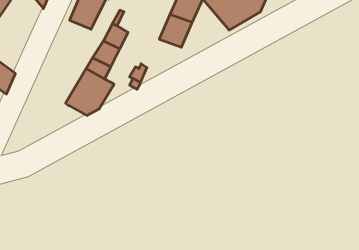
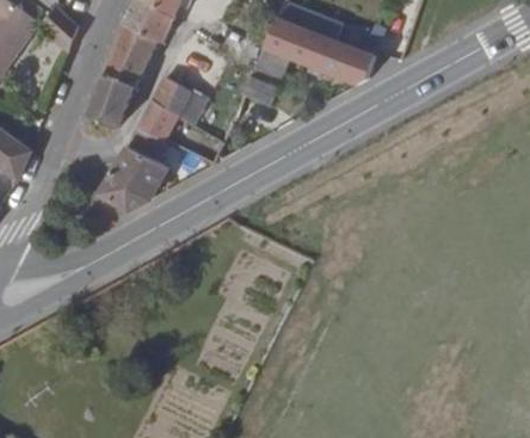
building: none -> [91,70,137,125]

